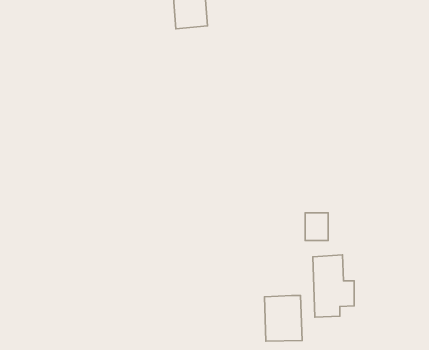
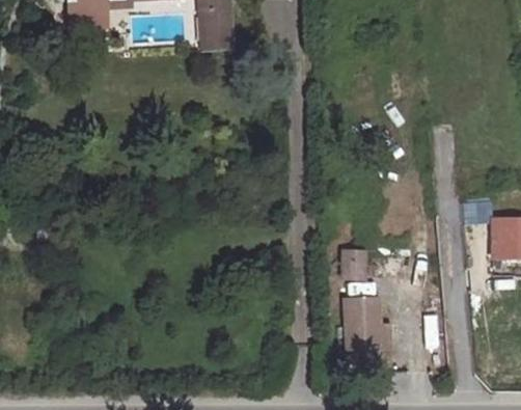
building: [264,295,302,341] -> none

